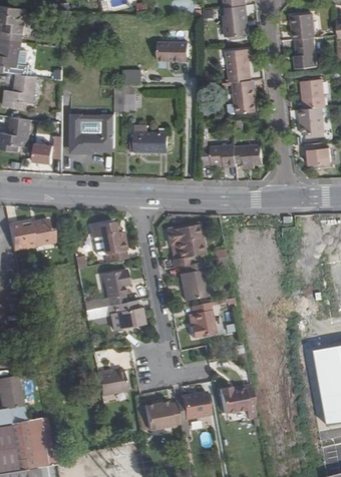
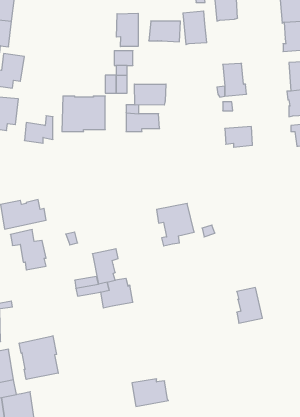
building: none -> [116,13,138,47]
building: [228,50,252,84] -> [183,11,207,45]
building: none -> [134,84,166,105]
building: [204,146,237,168] -> none
building: [90,221,126,263] -> [10,230,46,270]
building: [179,263,208,302] -> none
building: [190,303,216,339] -> [237,288,262,323]
building: none -> [19,336,58,379]
building: [96,370,126,396] -> none
building: [218,387,253,415] -> none
building: [175,393,209,424] -> none

